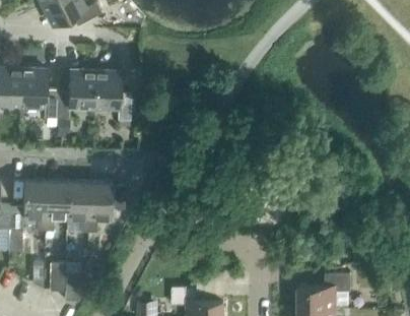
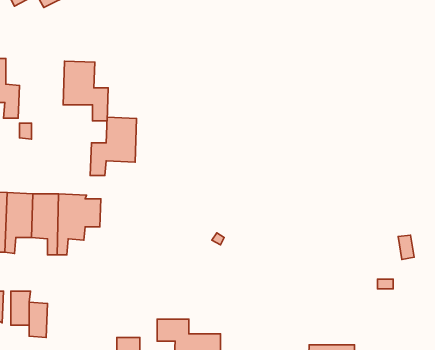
building: [56,70,94,119] -> [90,117,136,176]
building: [298,273,351,308] -> none

